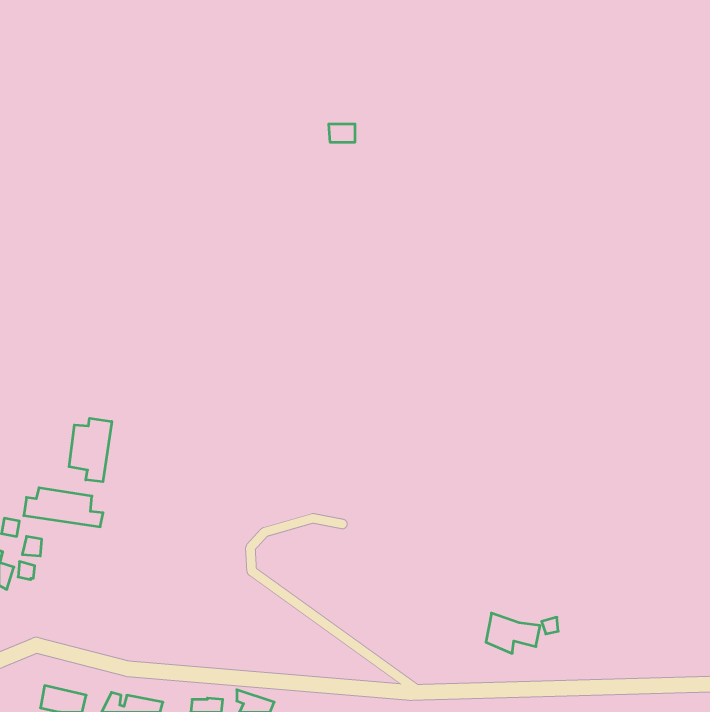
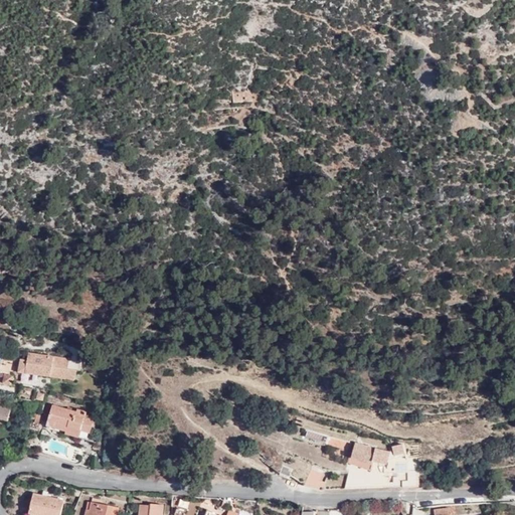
building: [69,418,112,482] -> none
building: none -> [46,405,93,438]

